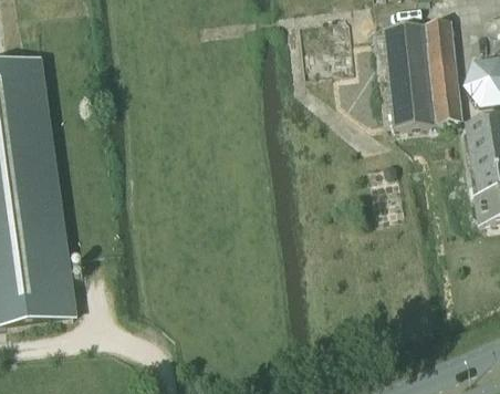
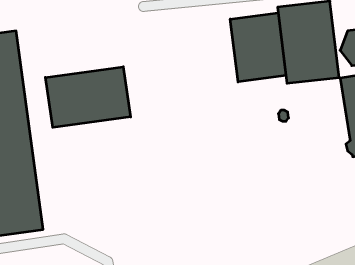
building: none -> [230,13,286,82]
building: none -> [45,67,131,127]

